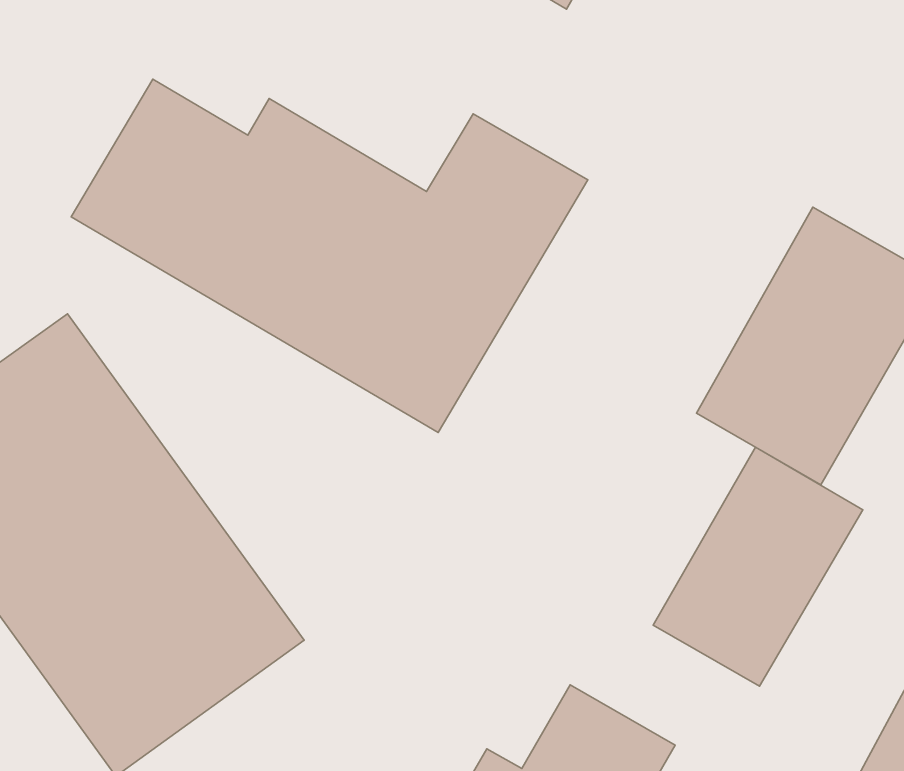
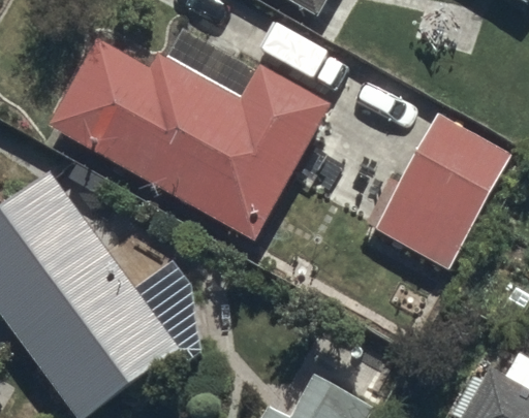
building: [653,447,863,686] -> none

